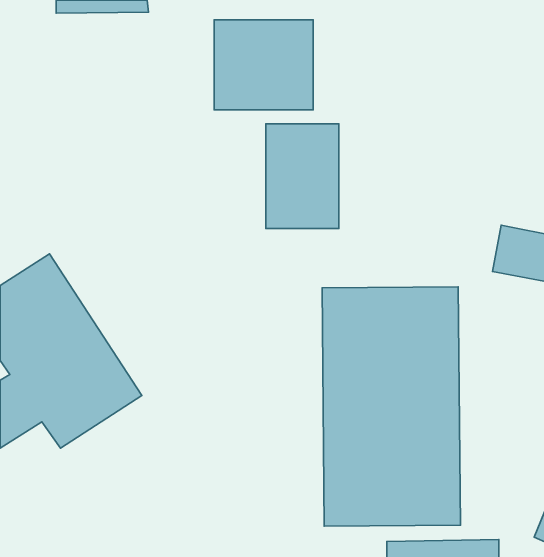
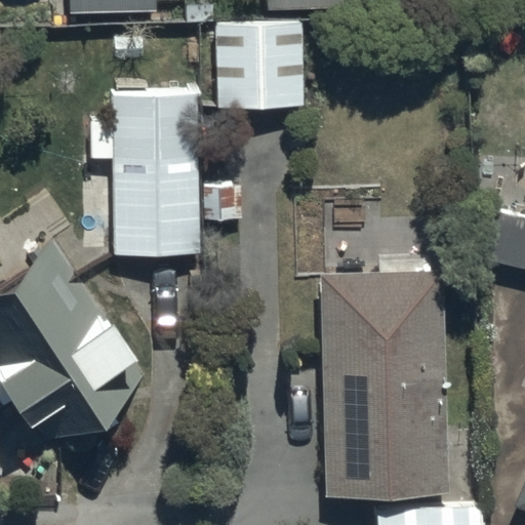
building: none -> [92,93,245,256]
building: [266,124,339,229] -> none

